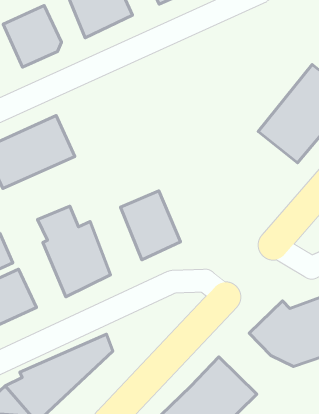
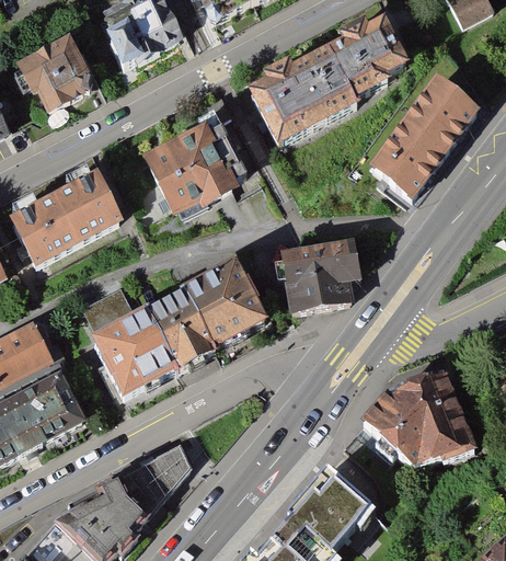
building: none -> [250,20,404,148]
building: none -> [146,115,249,214]
building: none -> [281,238,361,313]
building: none -> [149,280,218,367]

